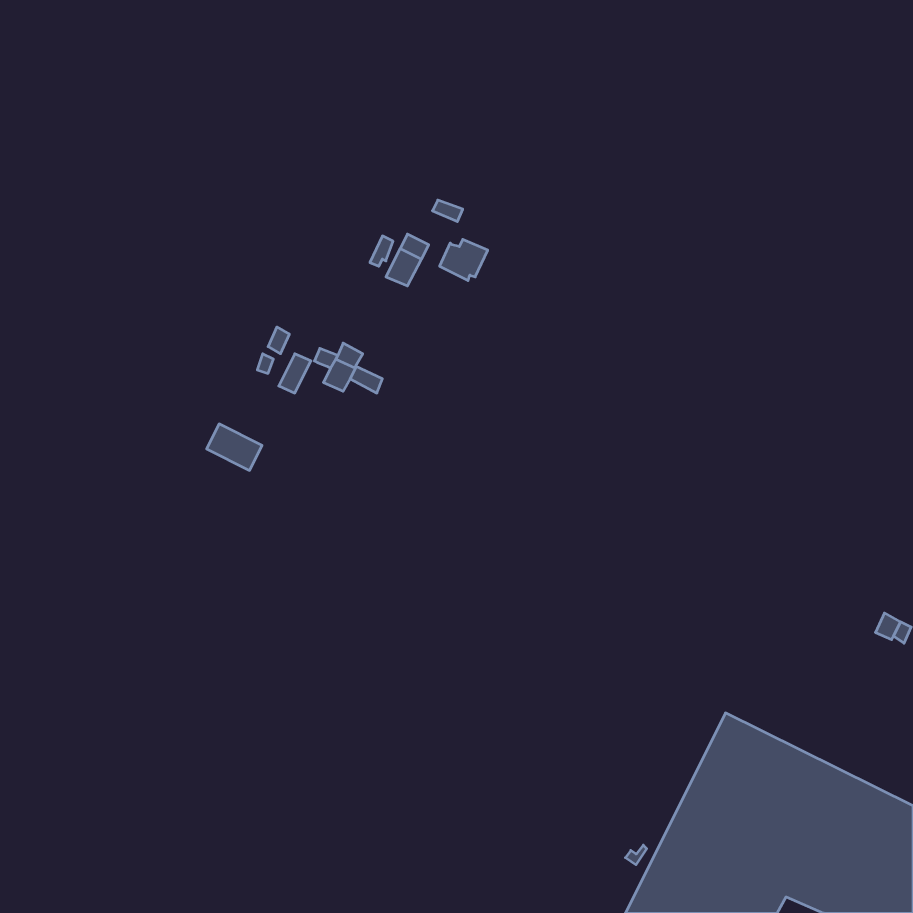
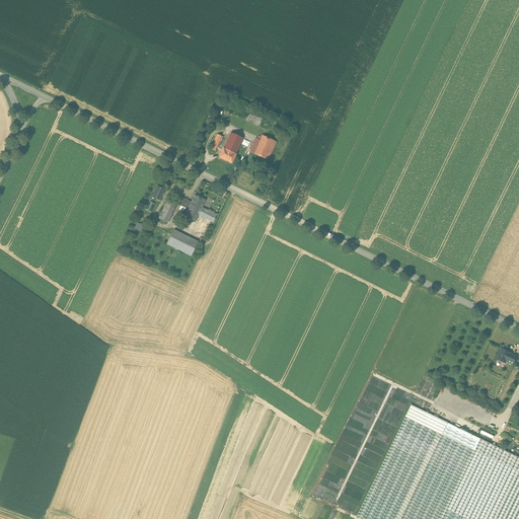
building: [207,424,262,470] -> [166,230,198,256]

